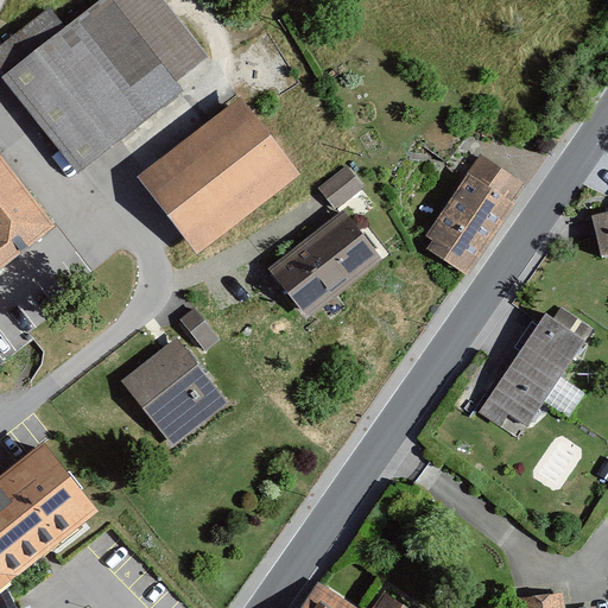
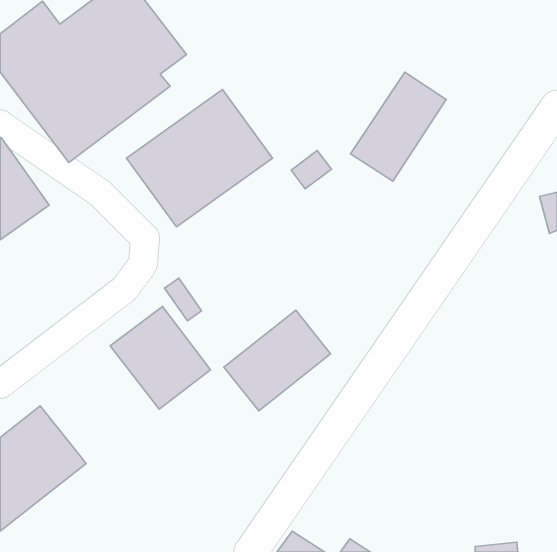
building: [416,157,520,276] -> [350,72,446,181]
building: [265,211,381,321] -> [224,310,331,411]
building: [486,318,584,436] -> none

